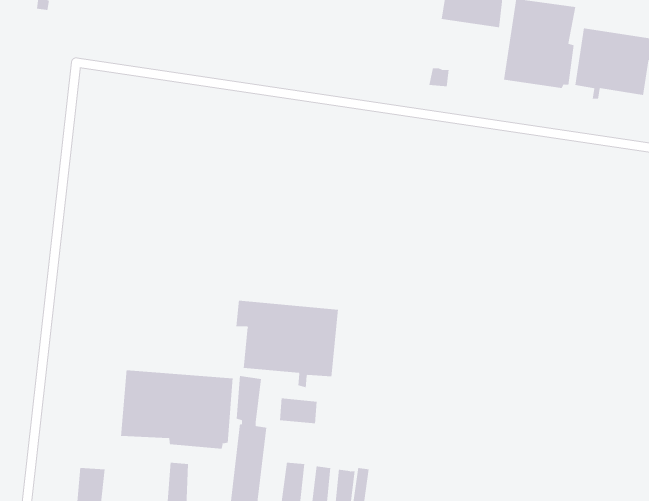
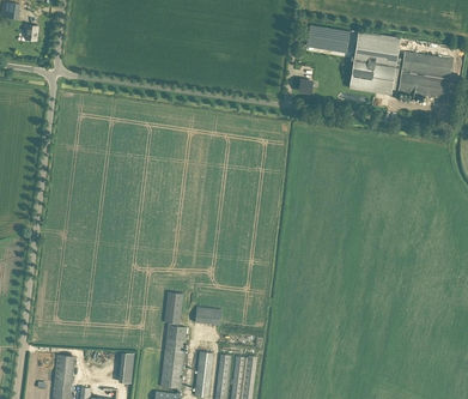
building: [236,300,338,388] -> none
building: [121,370,233,450] -> none

